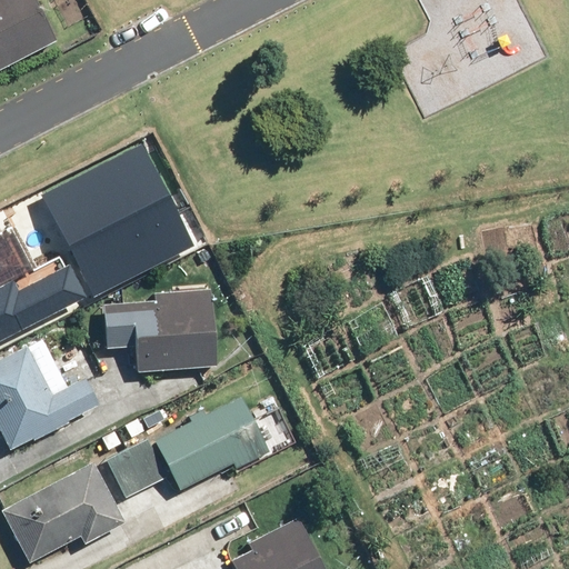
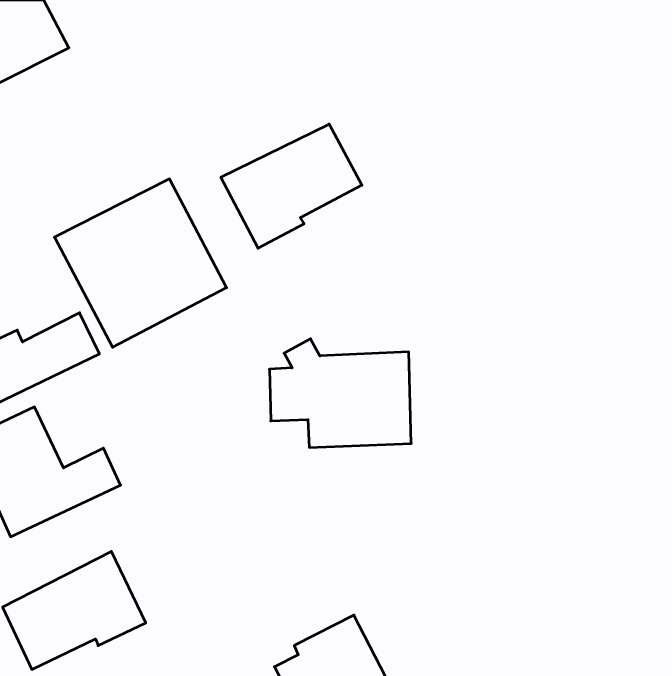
building: none -> [221,124,362,248]
building: [101,280,220,371] -> [269,339,411,447]
building: [103,393,271,497] -> none

